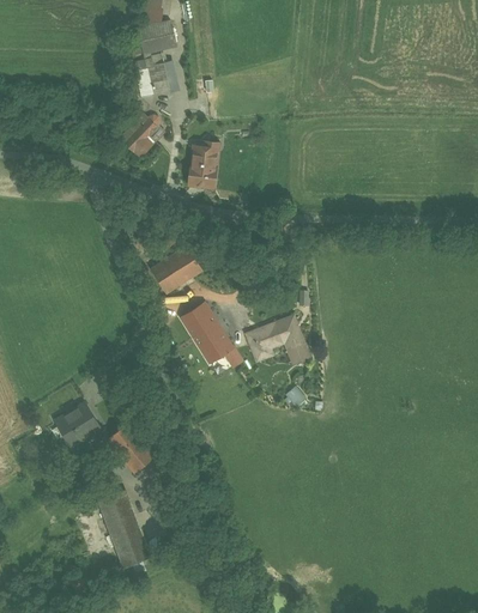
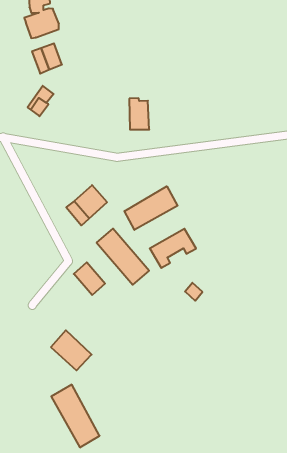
building: [189,146,217,188] -> [129,98,149,130]
building: none -> [124,186,178,230]
building: none -> [74,262,105,295]
building: [55,401,102,447] -> none

